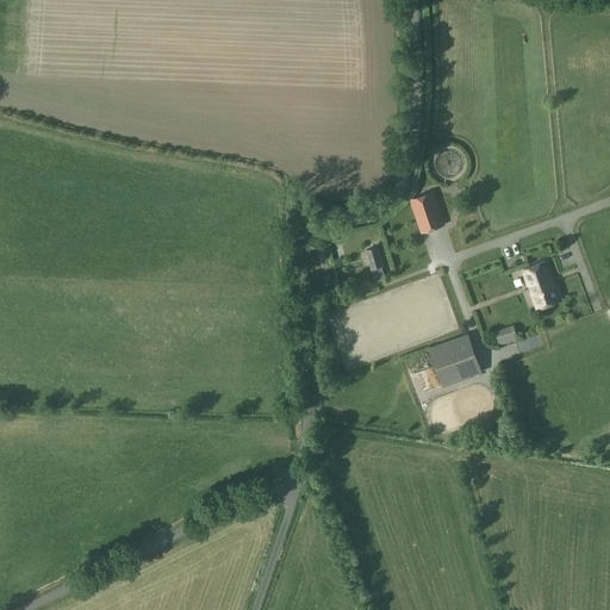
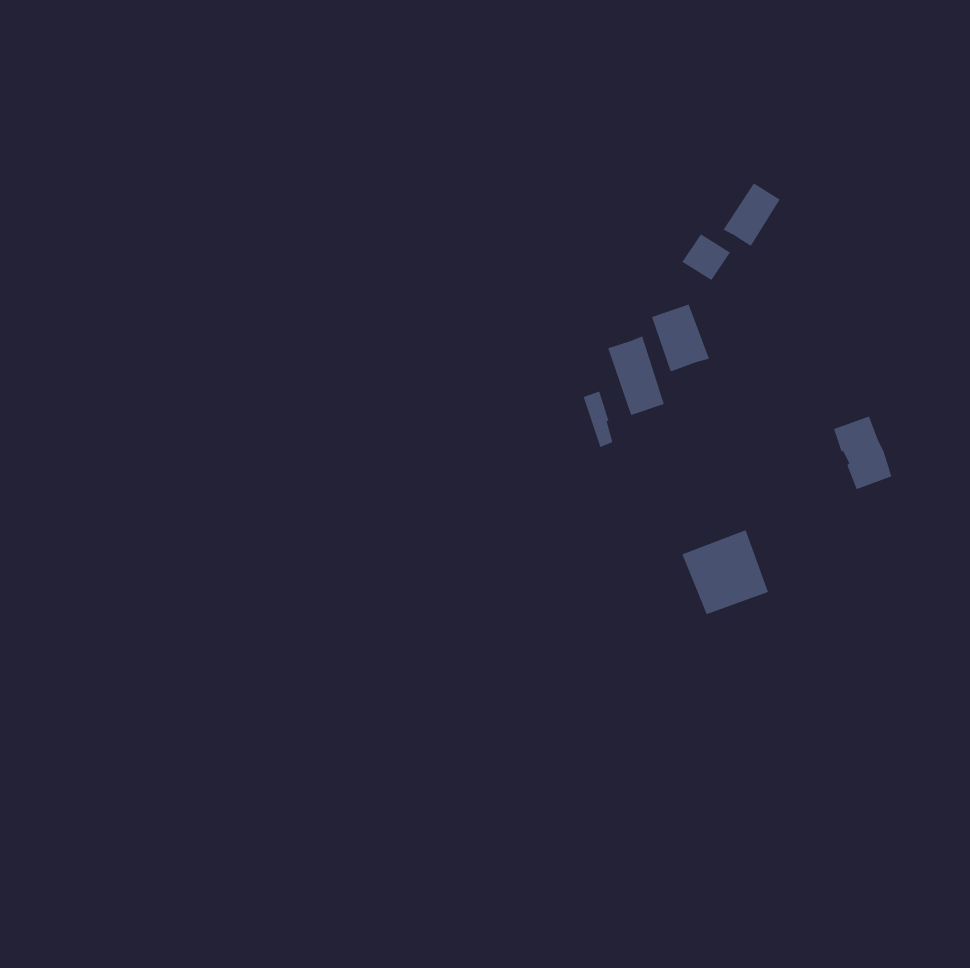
building: none -> [723,182,780,247]
building: none -> [607,335,665,416]

